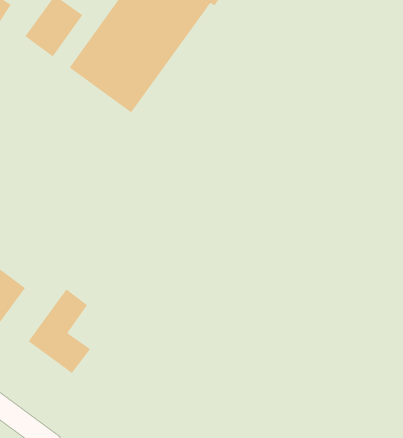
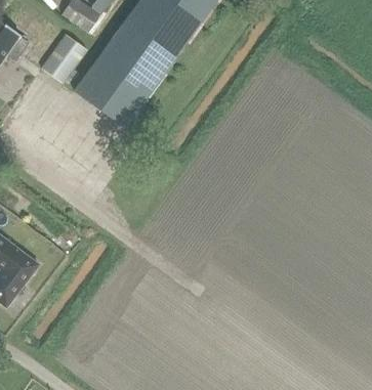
building: [28,289,91,374] -> none

